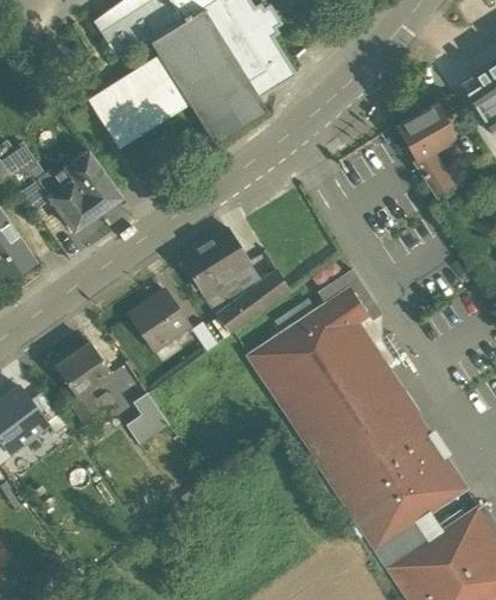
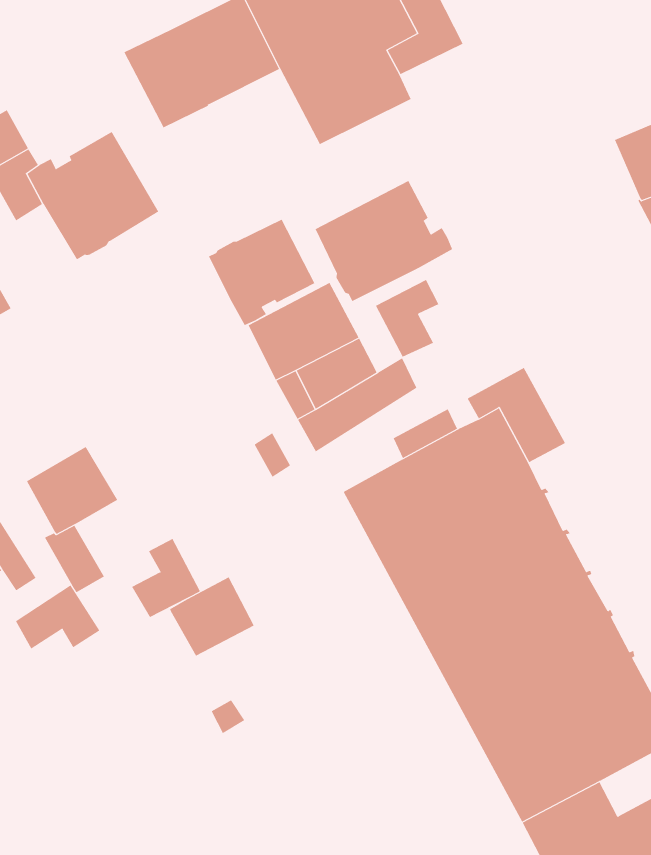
building: none -> [315,180,453,302]
building: none -> [208,219,315,326]
building: none -> [375,279,439,357]
building: [129,291,189,349] -> none
building: none -> [170,577,254,656]
building: none -> [15,585,100,650]

